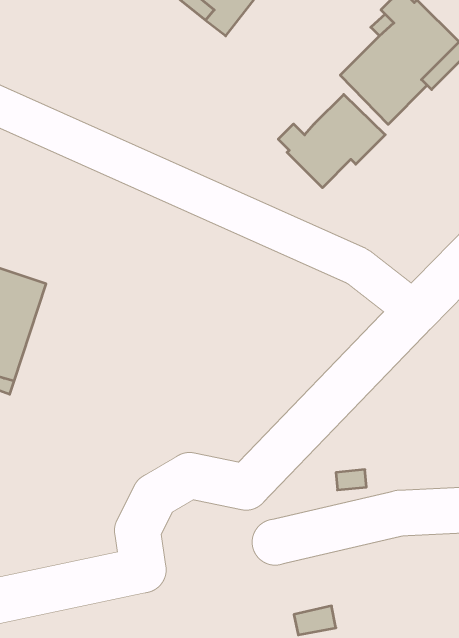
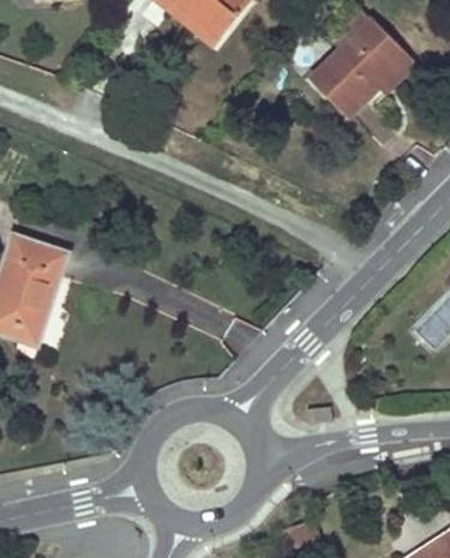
building: [278,94,385,188] -> none

